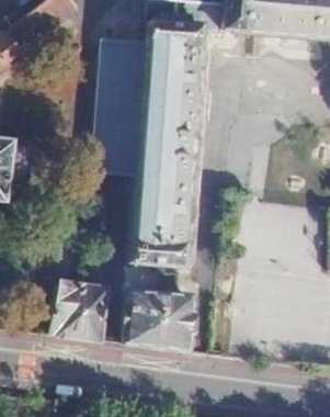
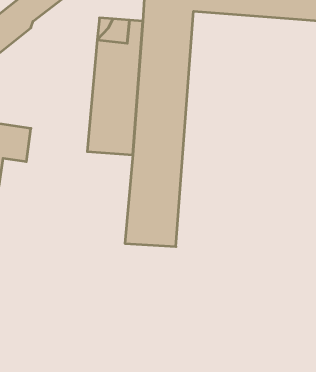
building: [57,281,109,339] -> none
building: [124,289,190,349] -> none

